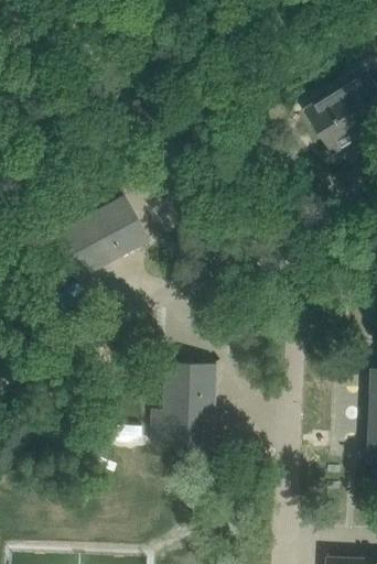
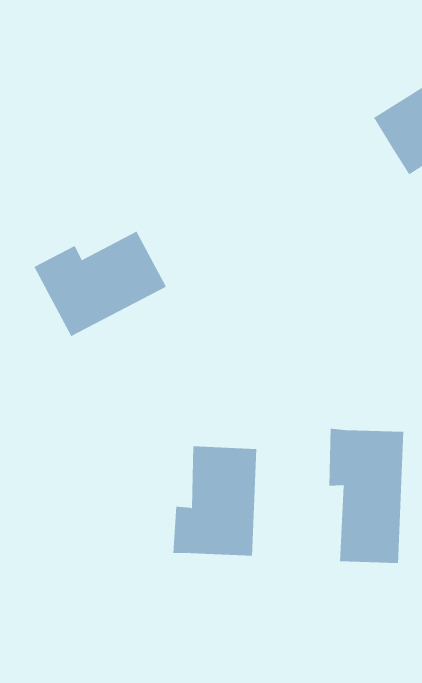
building: none -> [329,428,404,564]

